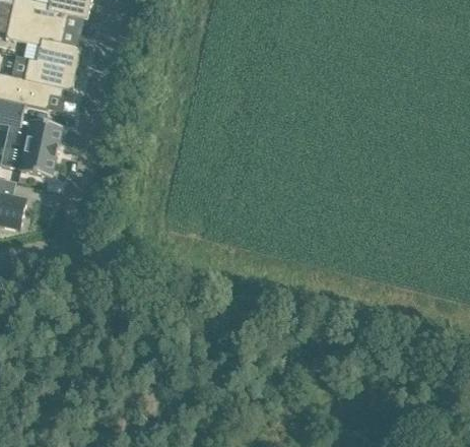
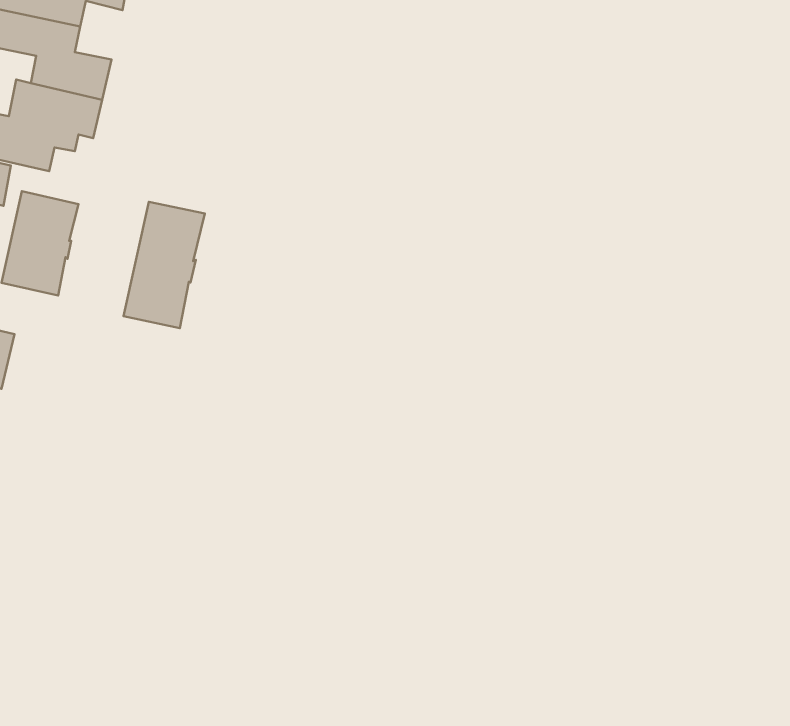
building: none -> [124,202,205,328]

